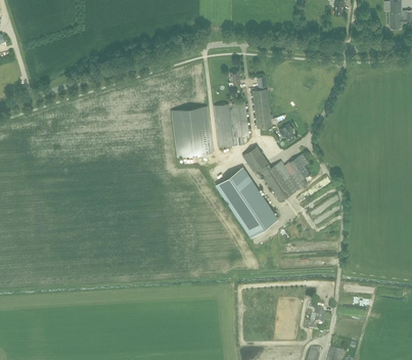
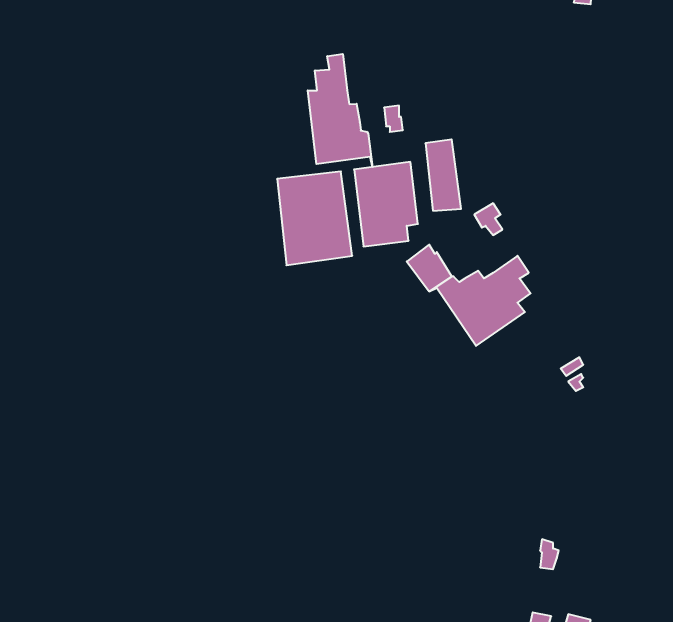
building: none -> [308,54,372,167]
building: [215,166,278,237] -> none

